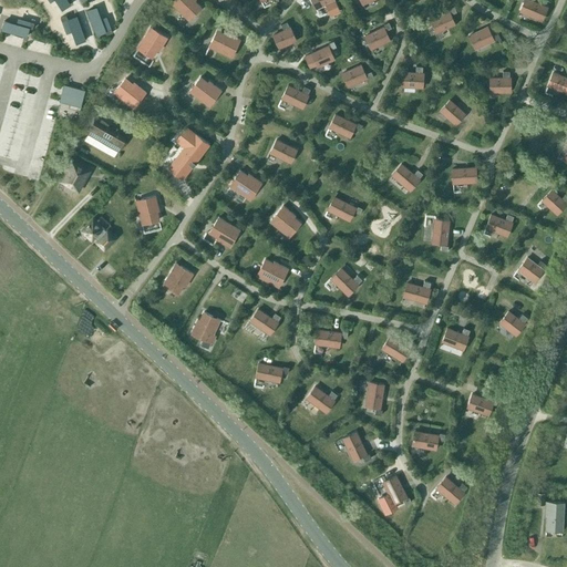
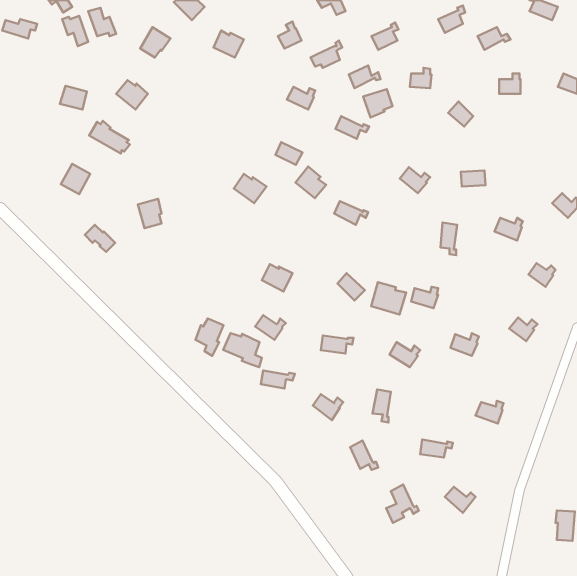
building: [189,78,220,106] -> none
building: none -> [363,89,393,117]
building: [168,128,208,179] -> none
building: [270,206,300,237] -> [296,167,326,198]
building: [209,218,239,248] -> none
building: [163,264,193,295] -> none
building: none -> [371,282,406,315]
building: none -> [223,333,262,367]

